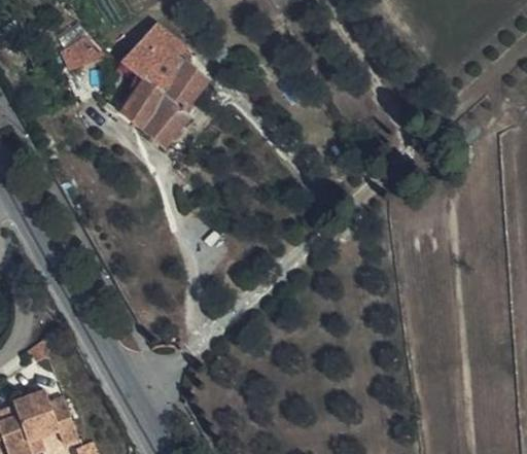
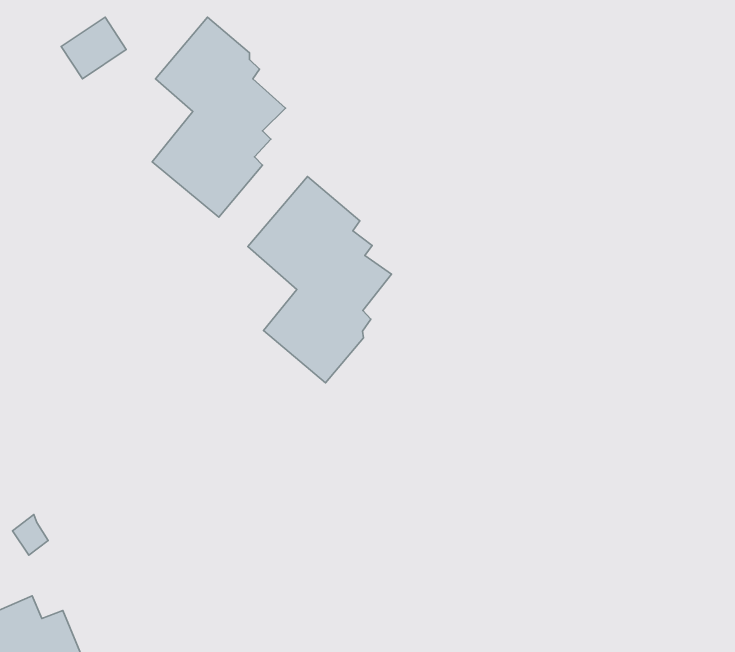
building: none -> [248,177,392,383]

